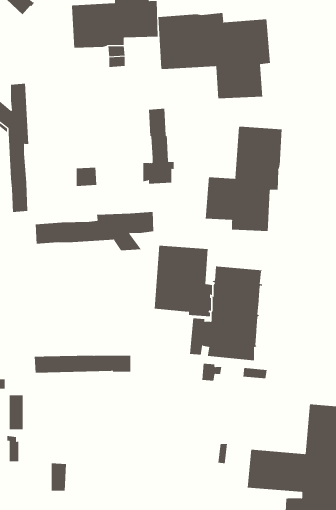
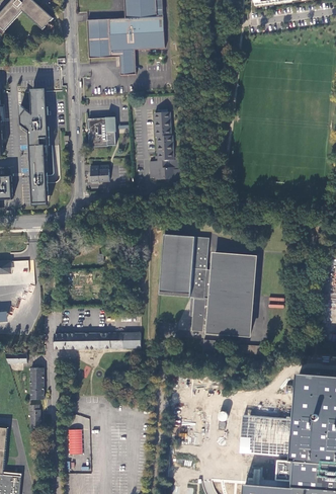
building: [158,12,271,99] -> none
building: none -> [86,117,113,146]
building: [205,126,282,232] -> none
building: [35,211,154,251] -> none

